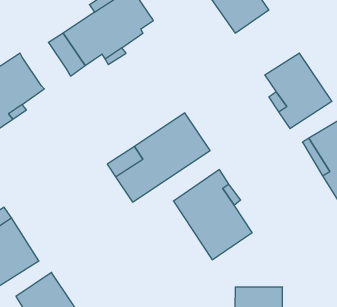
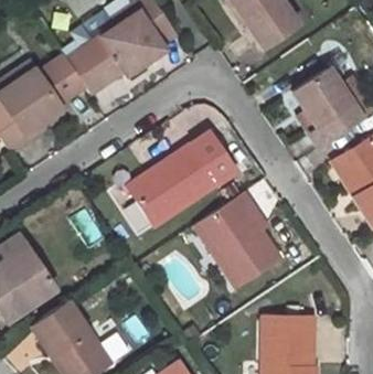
building: none -> [39,56,85,103]

